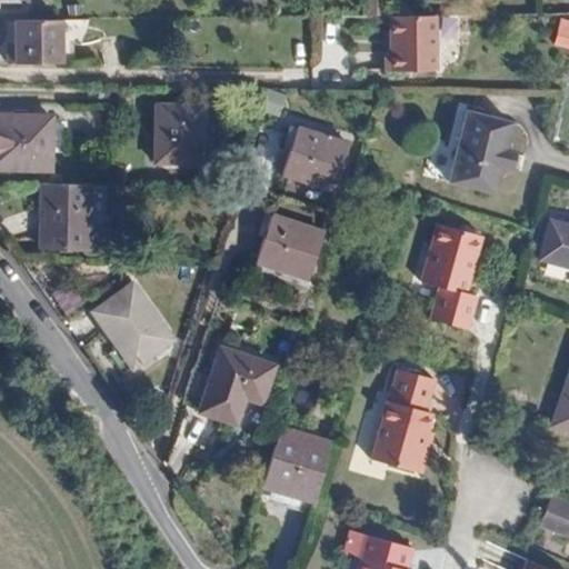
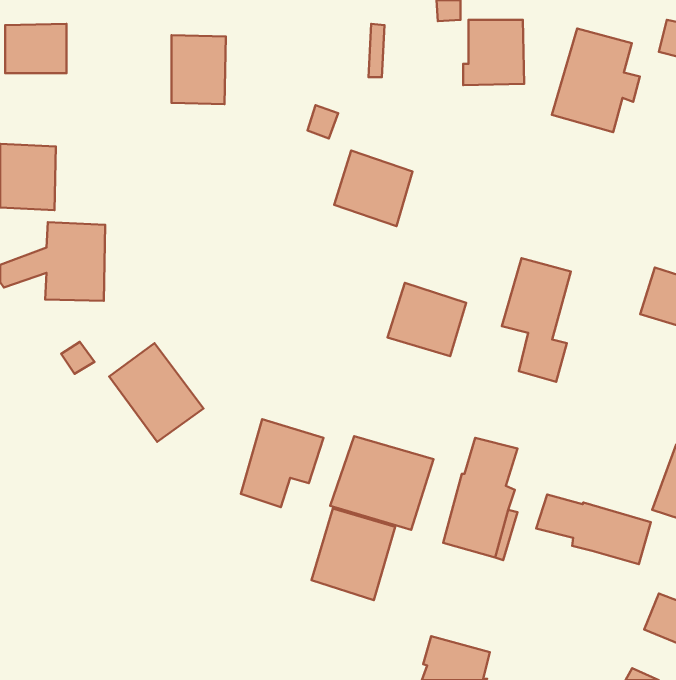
building: [441,109,515,196] -> [552,28,640,132]
building: [157,110,202,168] -> [171,35,226,104]
building: [257,216,322,277] -> [388,283,466,356]
building: none -> [330,436,434,530]
building: none -> [536,495,651,564]

